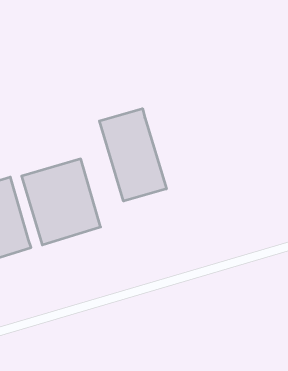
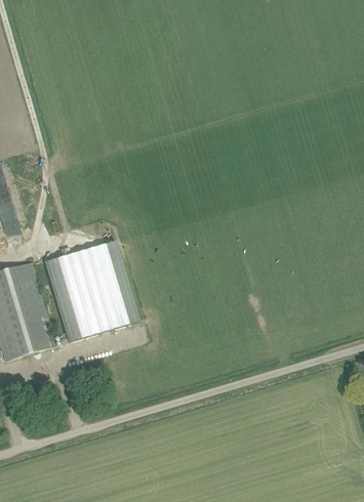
building: [99,109,166,201] -> none

